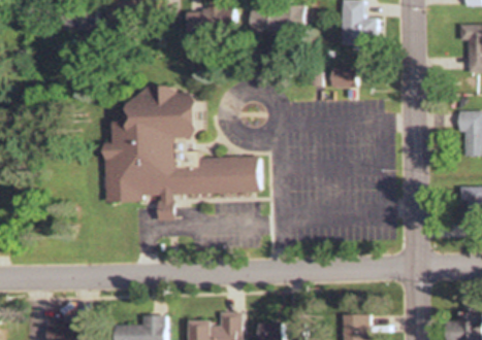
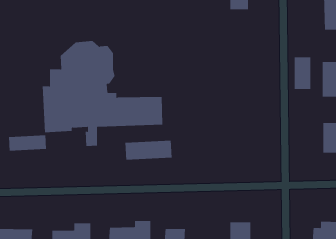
building: [331,69,355,86] -> none
building: none -> [294,56,311,90]
building: none -> [8,134,47,152]
building: none -> [125,140,172,161]

